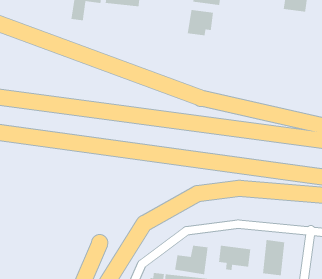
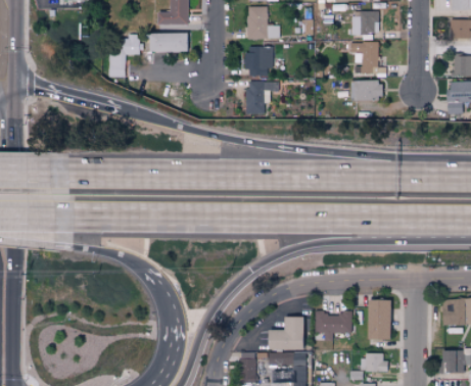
building: none -> [350,43,379,74]
building: none -> [246,81,280,114]
building: none -> [351,81,383,101]

